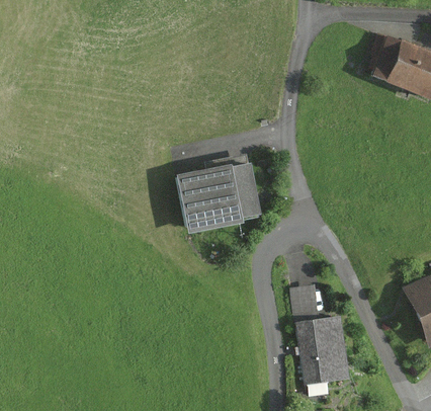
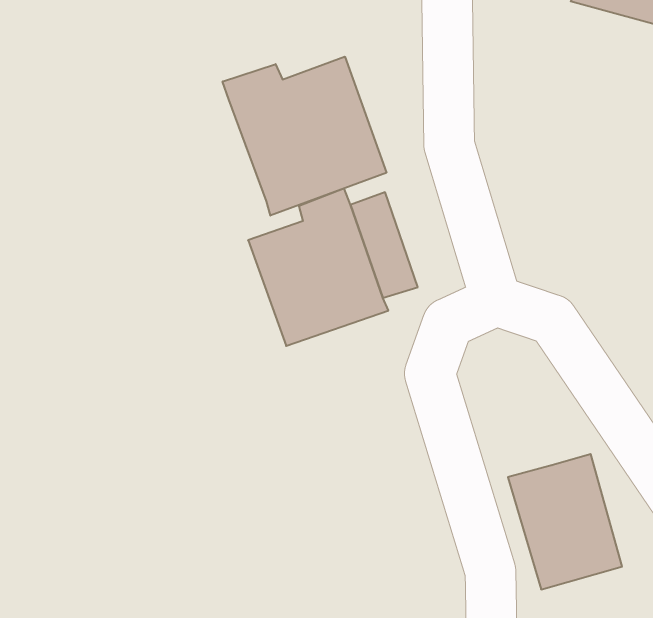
building: none -> [223,57,386,216]
building: [291,285,320,322] -> none

